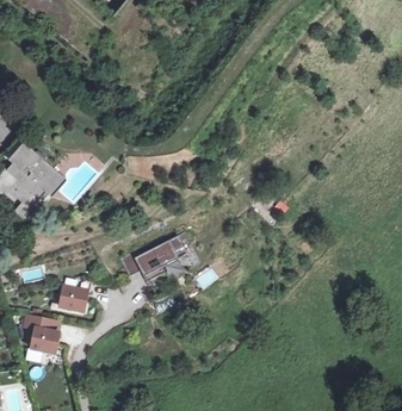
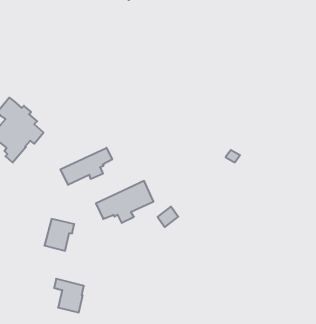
building: none -> [60,148,112,185]
building: [26,317,61,356] -> [54,279,84,313]

